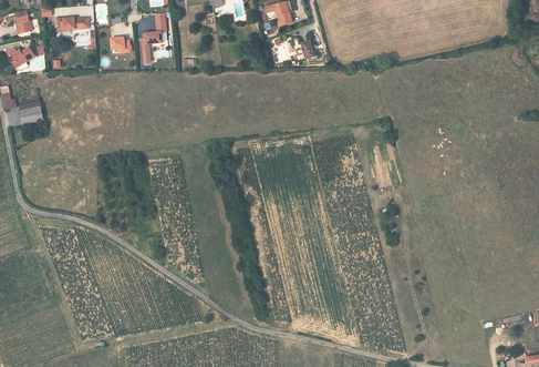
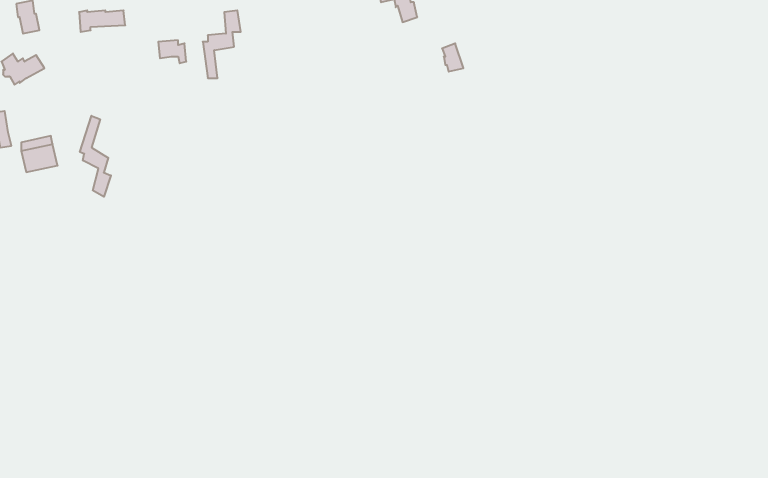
building: none -> [80,116,111,197]

